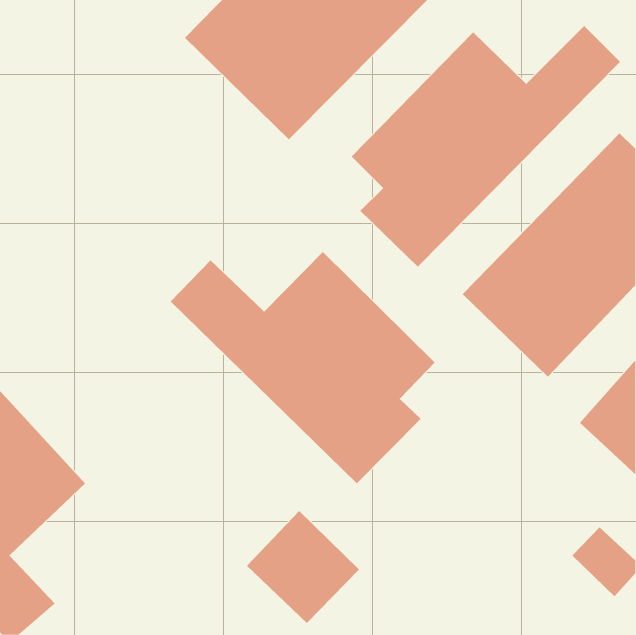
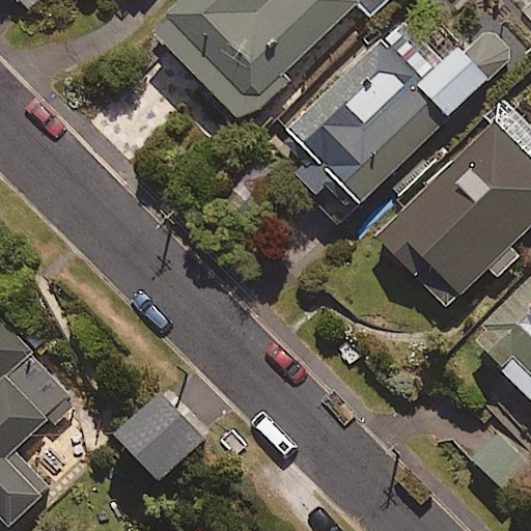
building: [170,251,436,484] -> none
building: [246,510,360,624] -> [117,396,211,490]

